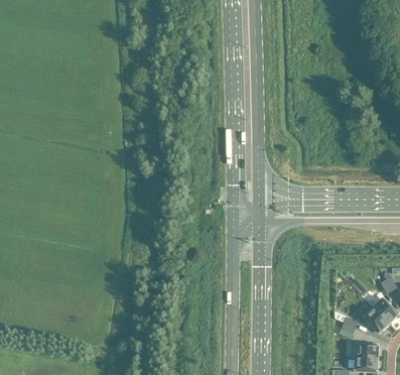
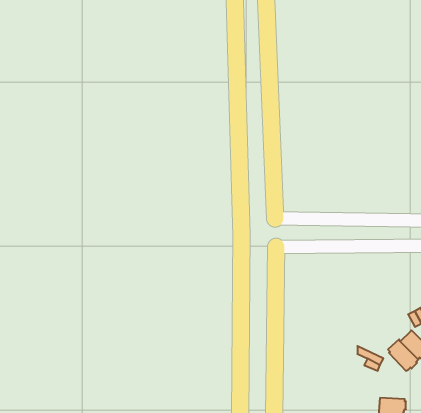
building: [350,343,377,358] -> none

